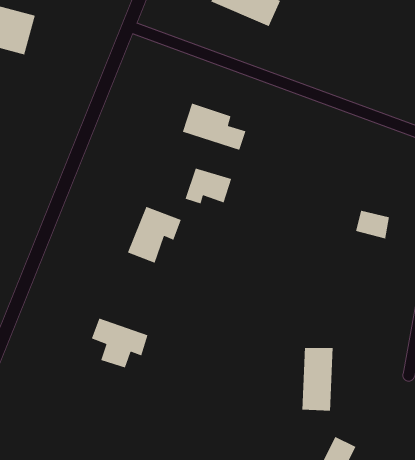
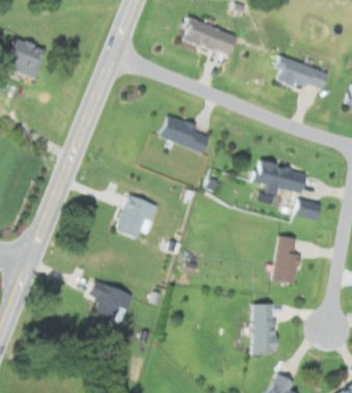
building: none -> [274,57,327,90]
building: none -> [252,161,303,204]
building: [185,167,232,205] -> none
building: none -> [274,236,298,283]

